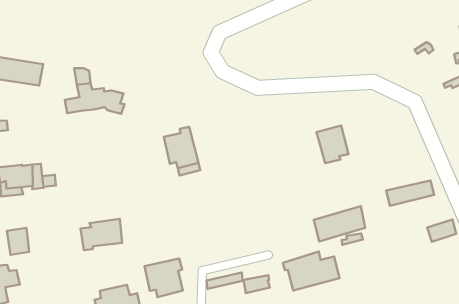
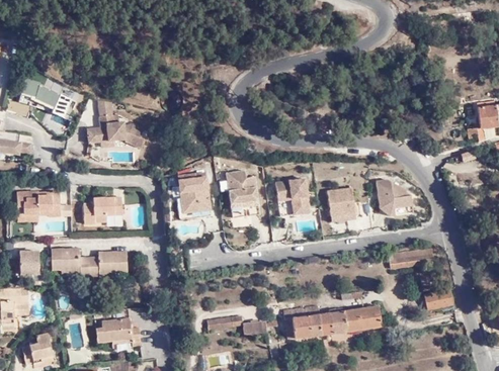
building: none -> [377,178,413,214]
building: none -> [226,170,257,216]
building: none -> [274,177,308,214]
building: none -> [83,198,121,224]
building: [314,206,365,241] -> [330,302,379,332]
building: none -> [53,251,91,279]
building: [145,258,183,297] -> none

